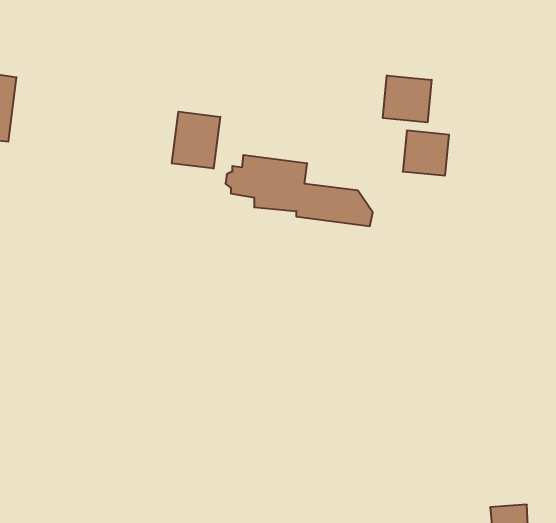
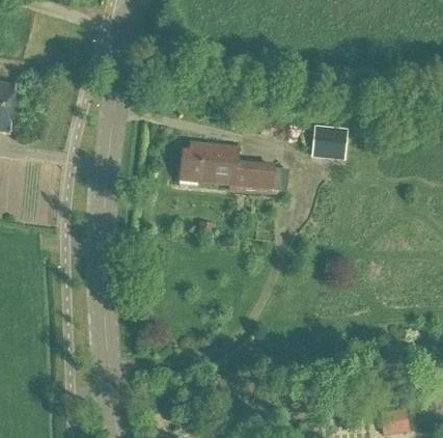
building: [383,75,432,122] -> none
building: [172,112,220,169] -> none

